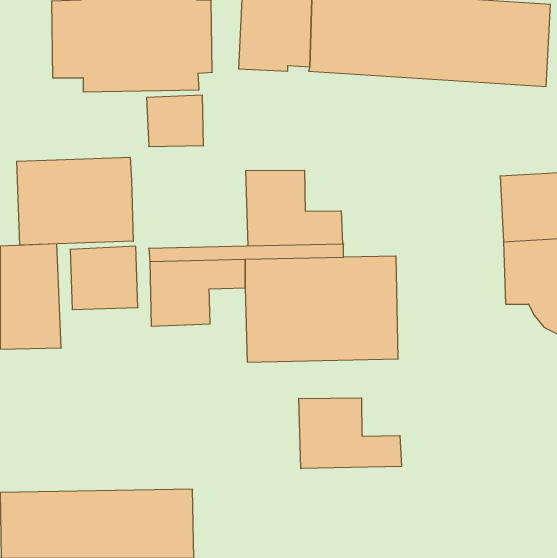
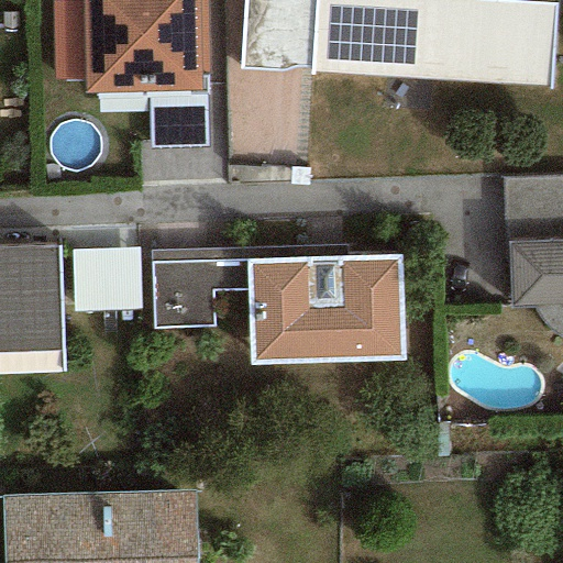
building: [17,157,133,245] -> none
building: [246,170,342,246] -> none
building: [299,398,401,469] -> none

